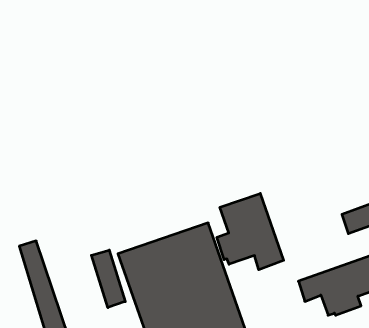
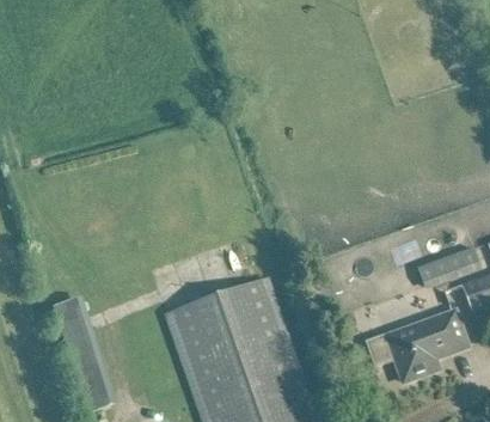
building: [217,193,284,270] -> none
building: [91,250,125,308] -> none

